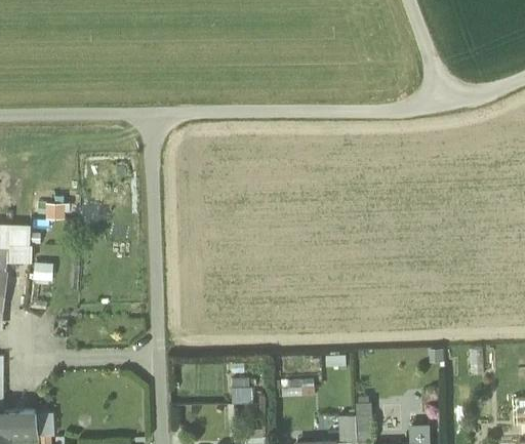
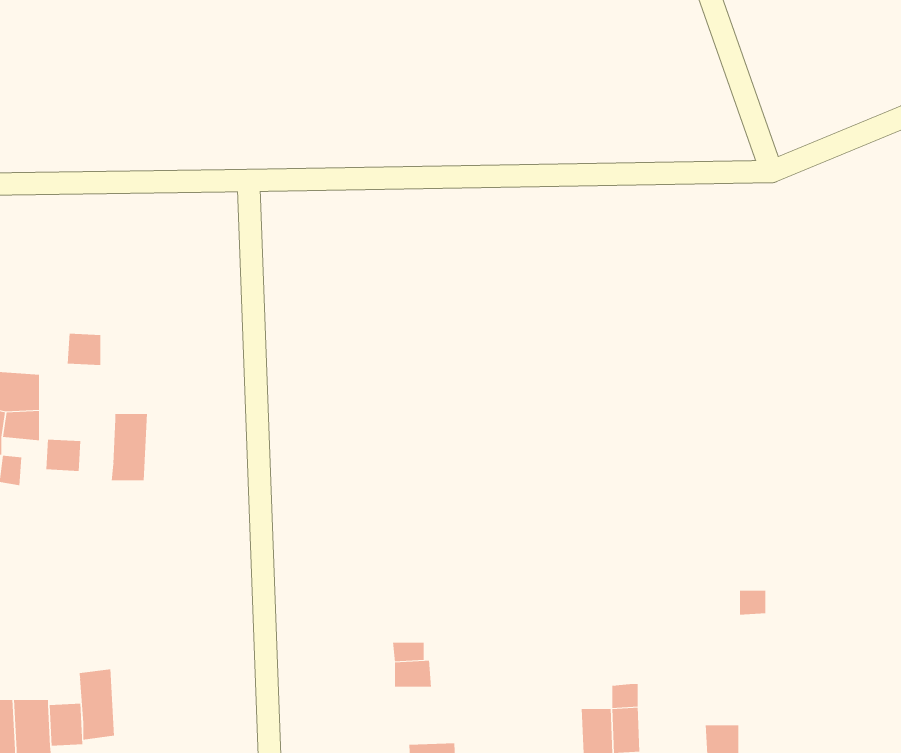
building: none -> [111,413,148,481]
building: none -> [79,669,115,740]

